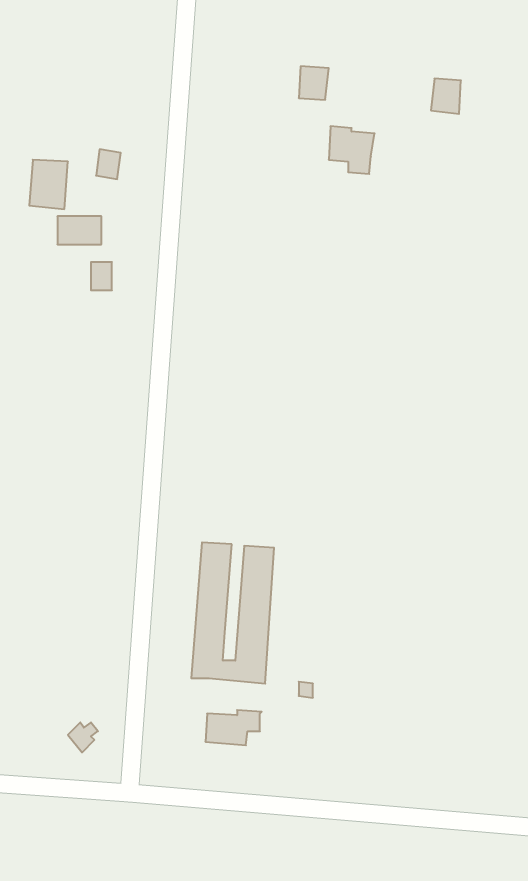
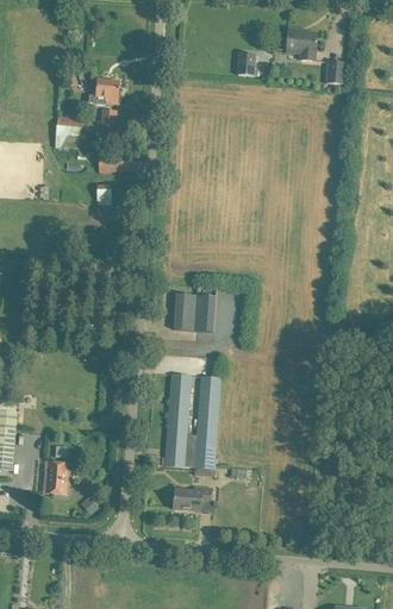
building: none -> [95,79,119,103]
building: [329,126,375,174] -> [286,29,317,61]
building: none -> [173,294,214,332]
building: none -> [44,462,69,494]

